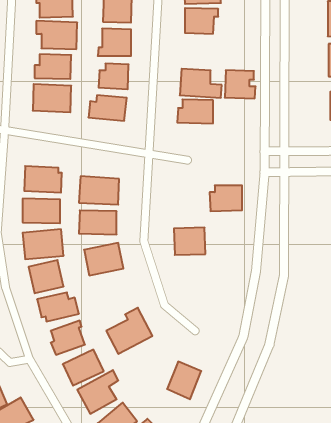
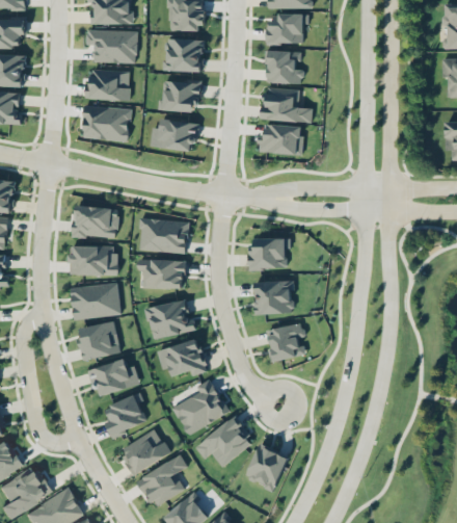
building: [225,70,256,98] -> [266,50,303,84]
building: [210,185,242,211] -> [248,238,288,269]
building: none -> [267,324,306,362]
building: none -> [157,340,206,375]
building: none -> [194,417,253,466]

